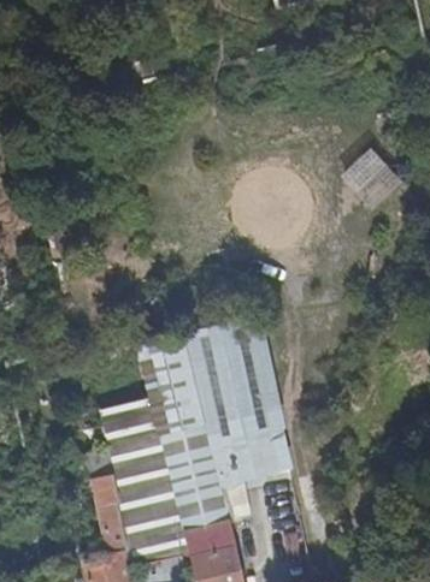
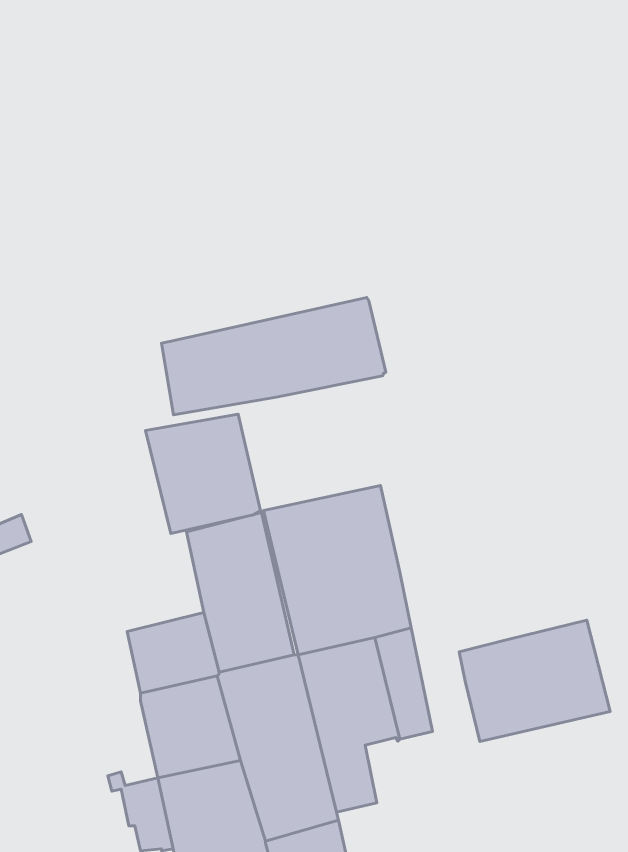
building: [347,153,395,201] -> none
building: none -> [162,297,386,415]
building: none -> [146,414,260,534]
building: none -> [459,620,610,741]

